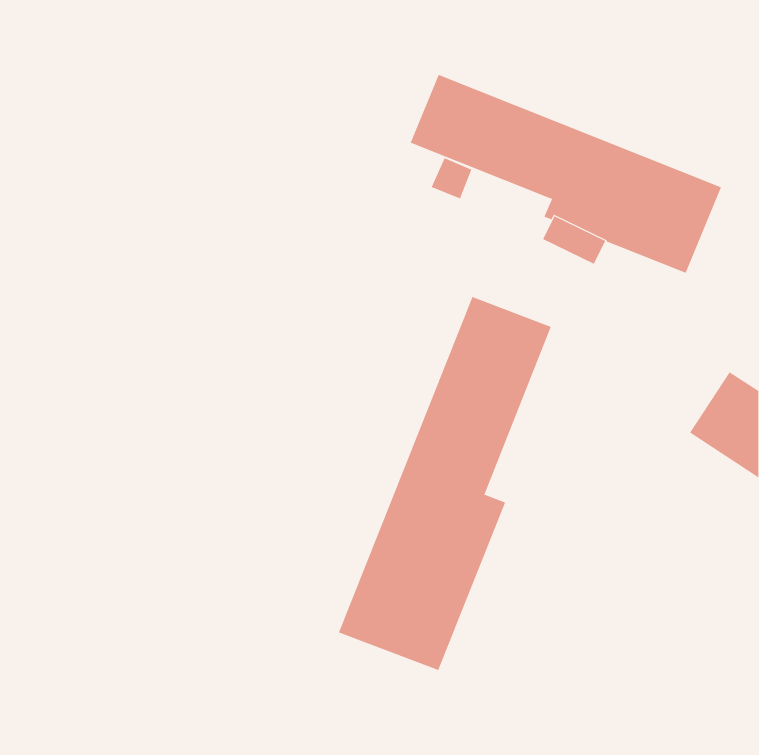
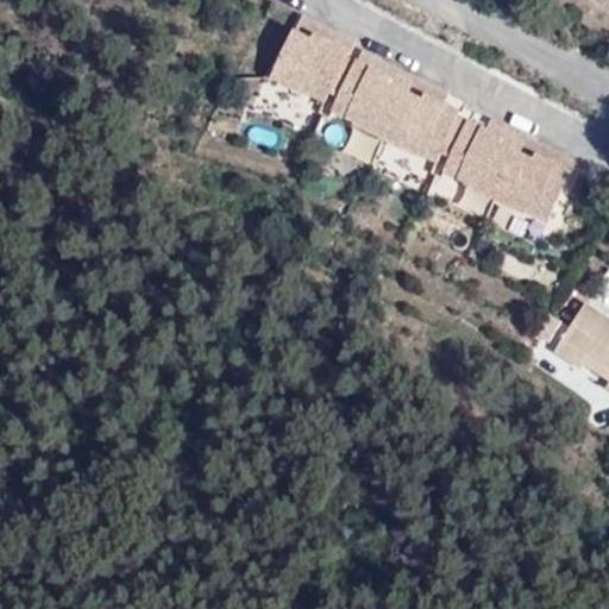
building: none -> [271,19,351,102]
building: [338,296,551,671] -> none

